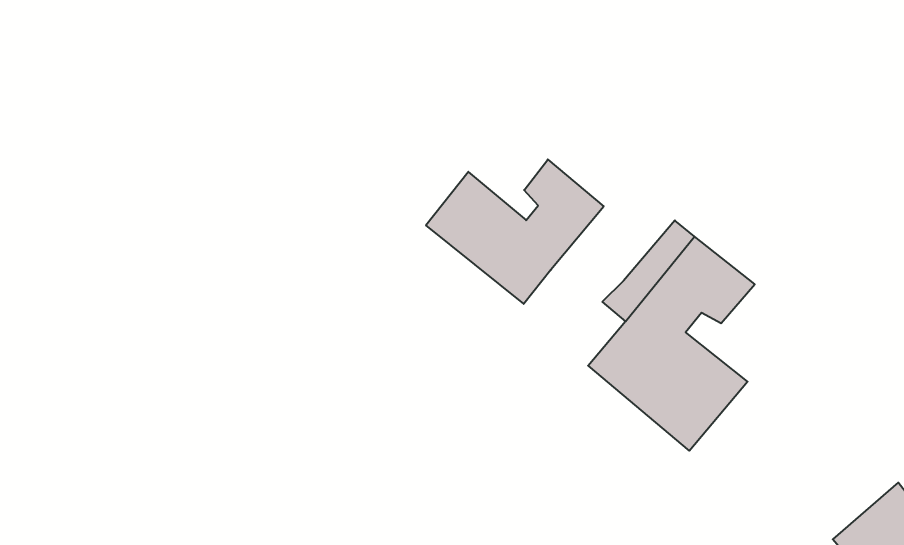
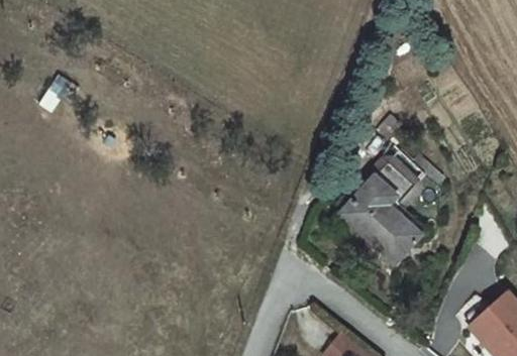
building: [426,159,604,304] -> none

